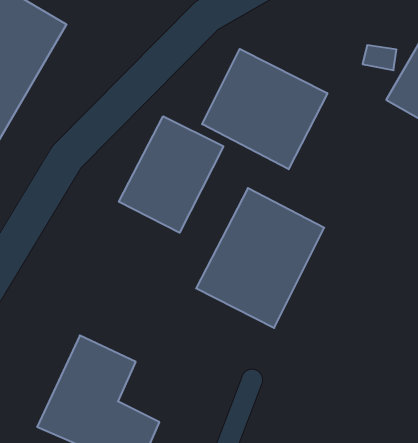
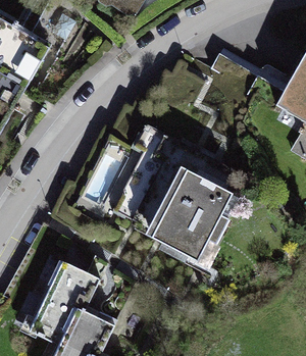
building: [202,49,327,169] -> none
building: [119,116,223,233] -> none

